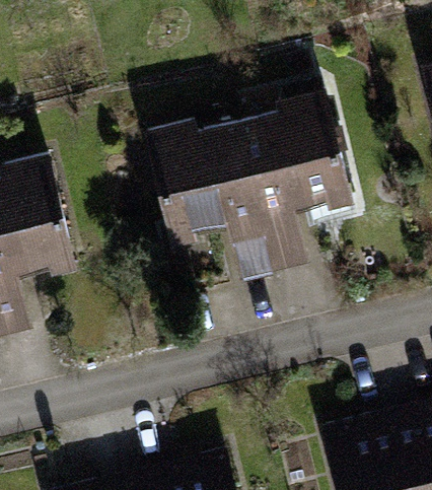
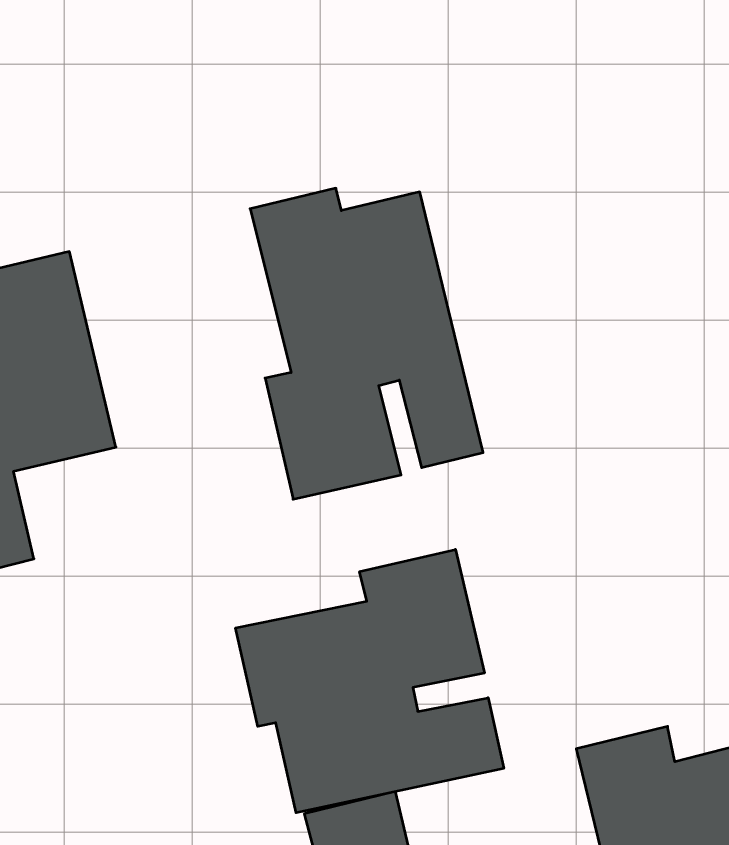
building: [240,94,352,270] -> none
building: none -> [236,549,504,813]

